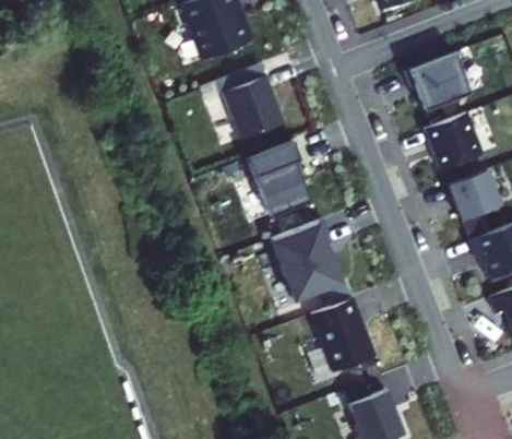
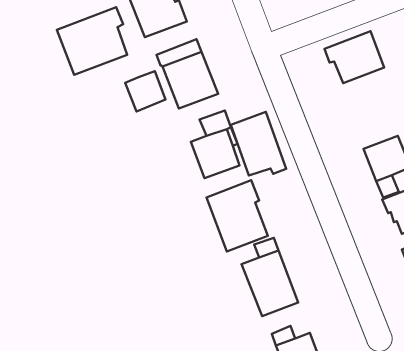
building: none -> [57,7,127,75]
building: none -> [125,71,165,111]
building: [425,112,483,169] -> none
building: none -> [231,112,286,175]

